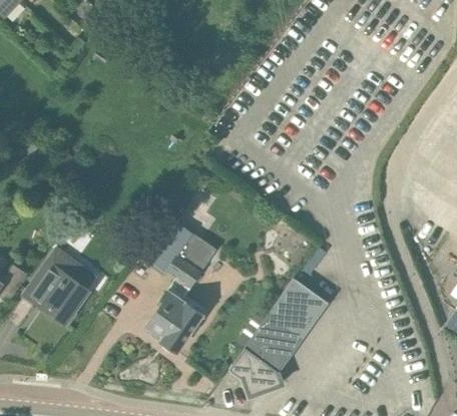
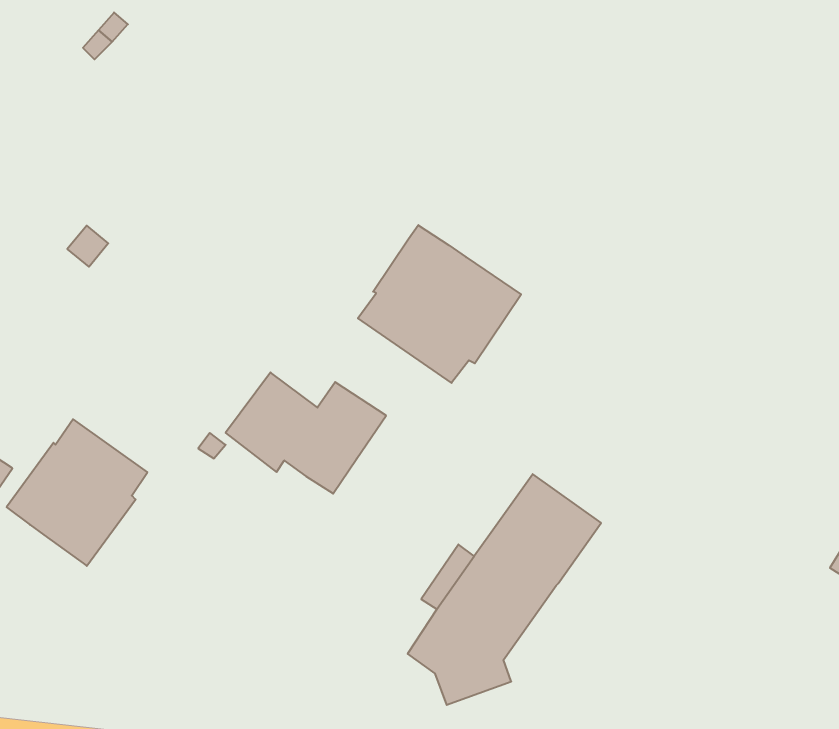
building: none -> [358,225,521,383]
building: [146,279,205,352] -> none

